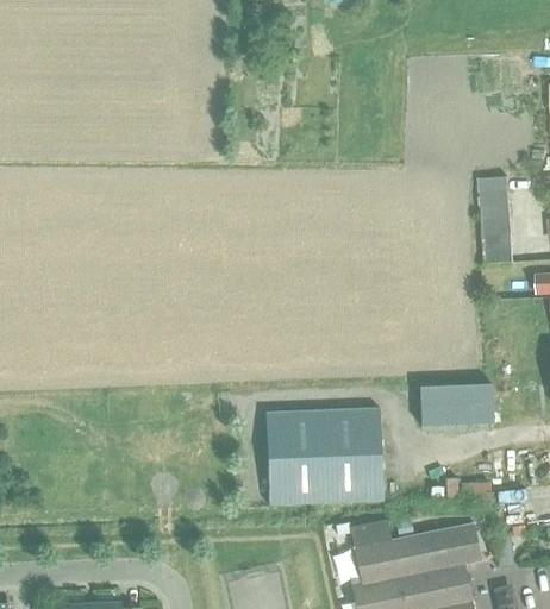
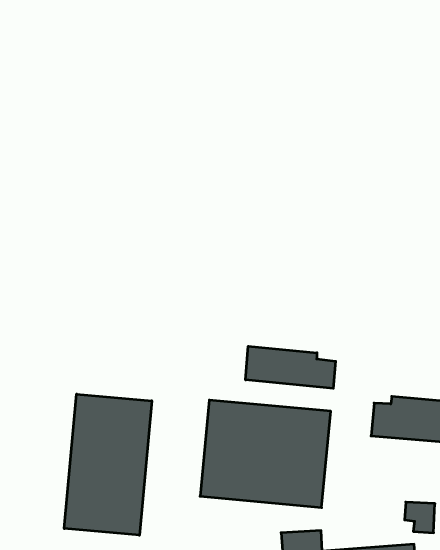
building: none -> [246,346,336,388]
building: none -> [64,394,152,535]

